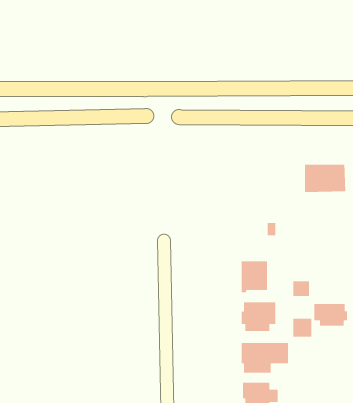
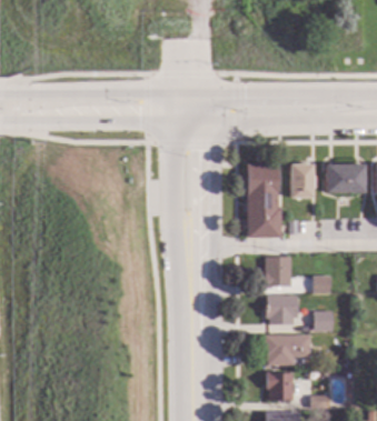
building: none -> [248,163,281,237]
building: none -> [291,163,314,197]
building: [313,303,348,327] -> none

